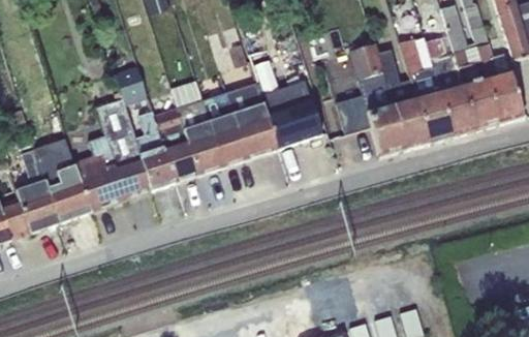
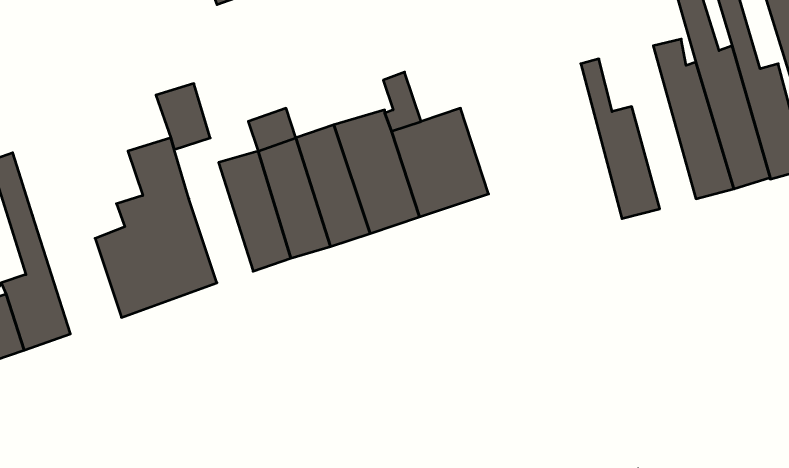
building: [400,33,452,143] -> none
building: [335,41,405,156] -> none
building: [133,110,174,189] -> none
building: [35,137,91,221] -> none

